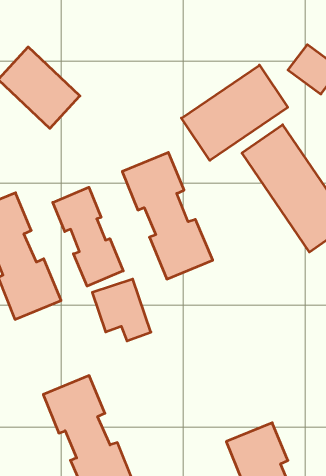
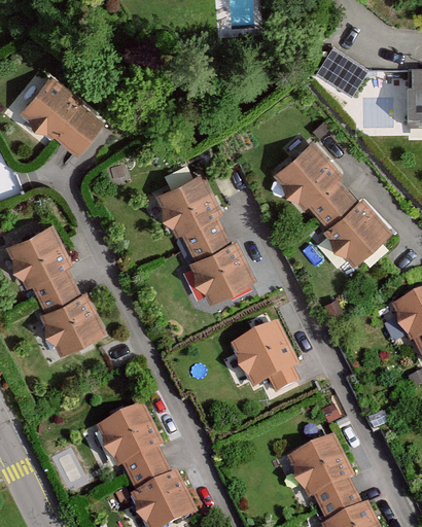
building: [181,65,288,160] -> none
building: [53,187,123,286] -> none
building: [92,279,151,341] -> [234,332,297,396]

